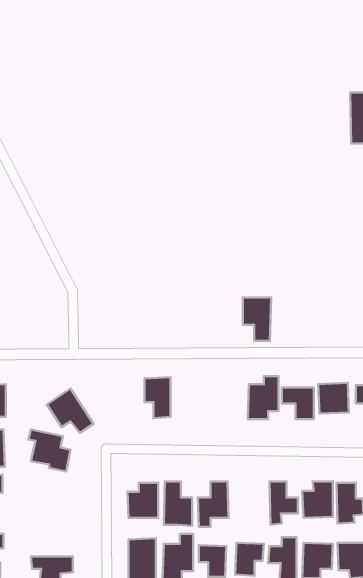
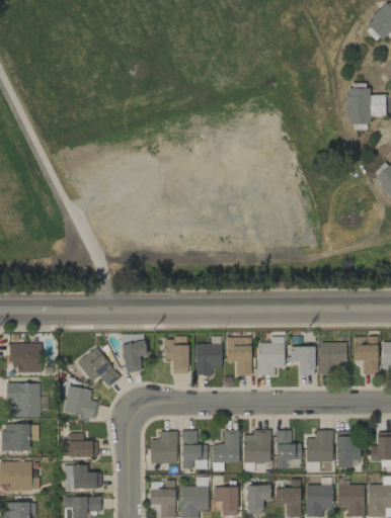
building: [243,298,271,341] -> [227,337,252,375]
building: none -> [196,336,223,375]
building: none -> [123,341,147,372]
building: none -> [244,429,271,462]
building: none -> [69,433,97,456]
building: none -> [64,464,102,489]

